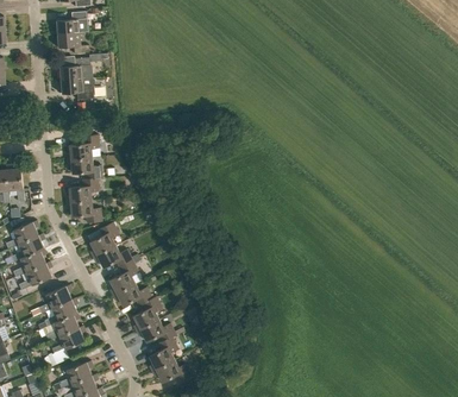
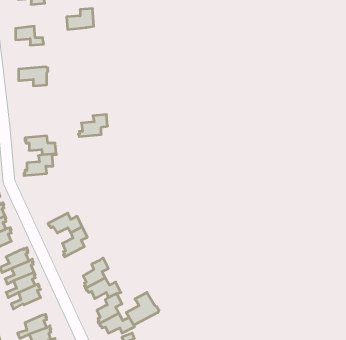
building: [55,11,86,34] -> [67,9,94,29]
building: [58,57,90,81] -> none
building: [65,134,99,159] -> [78,115,108,137]
building: [65,200,101,222] -> none
building: [89,222,119,257] -> none
building: [112,283,152,305] -> none
building: none -> [126,292,159,325]

